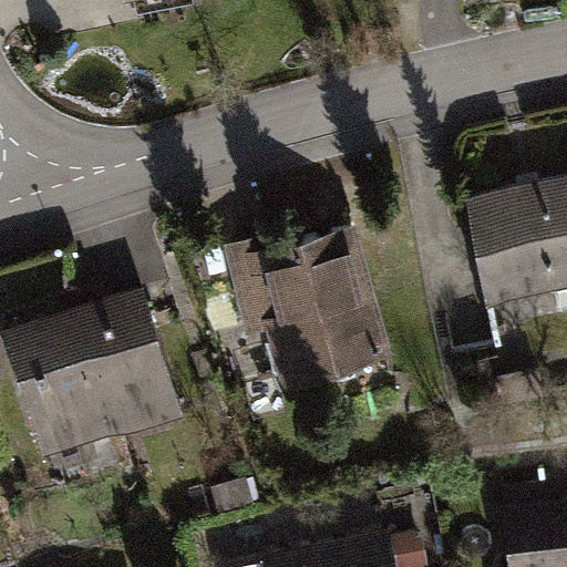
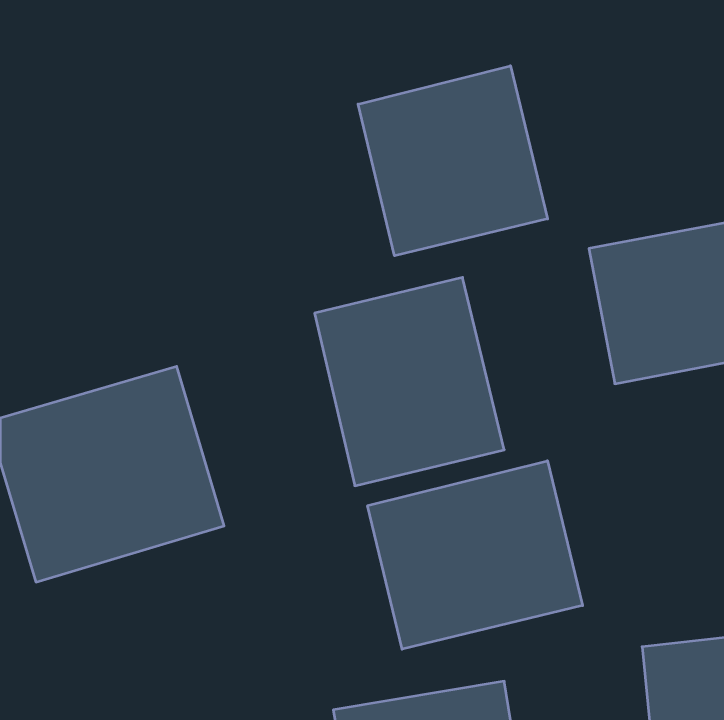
building: none -> [358,66,548,256]
building: none -> [368,461,583,649]

